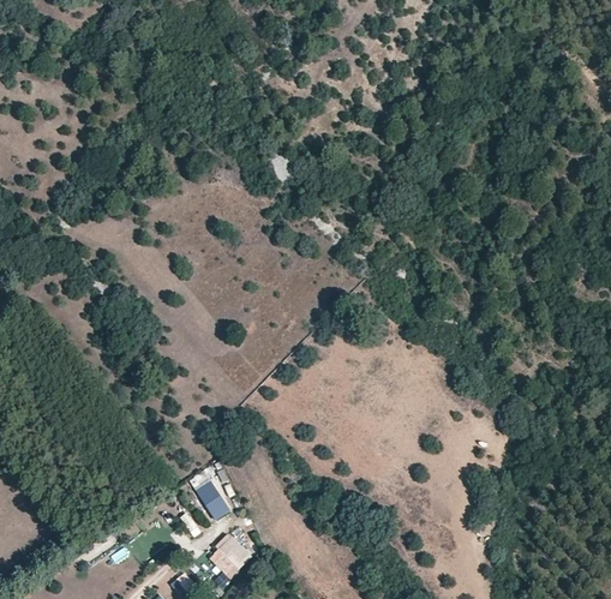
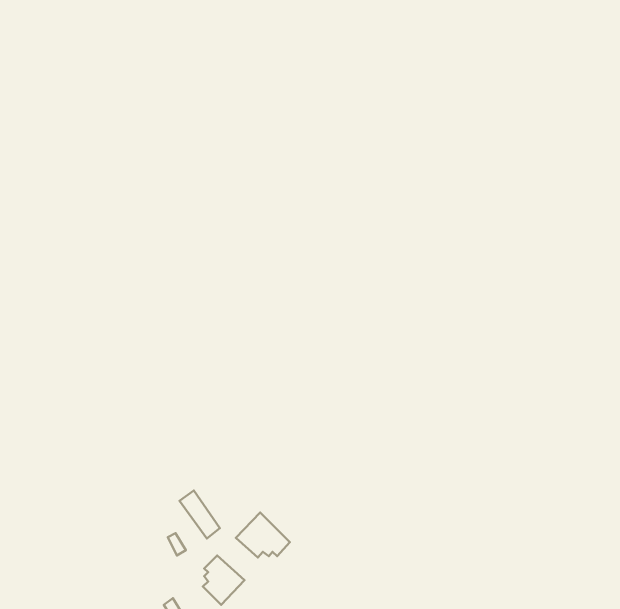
building: none -> [236,513,290,558]

